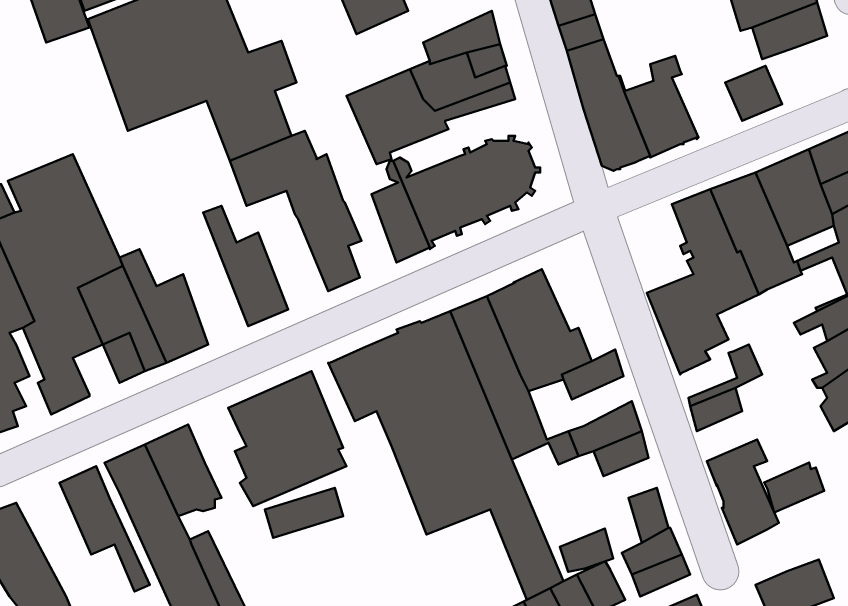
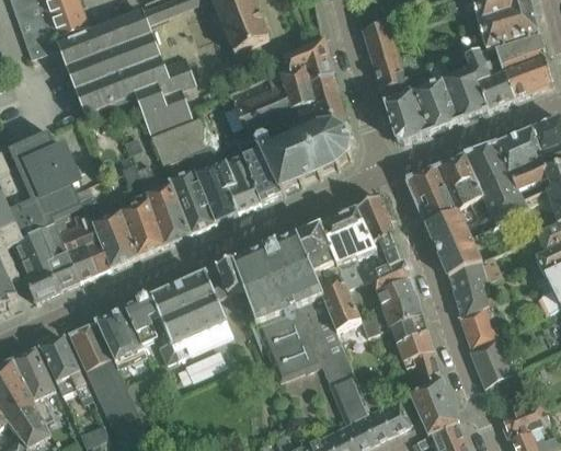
building: none -> [442,51,490,118]
building: none -> [503,55,551,96]
building: none -> [293,93,347,130]
building: none -> [227,153,261,210]
building: none -> [121,162,163,254]
building: none -> [407,162,456,220]
building: none -> [169,169,216,231]
building: none -> [356,192,404,265]
building: none -> [448,251,484,289]
building: none -> [48,254,79,287]
building: none -> [376,275,415,308]
building: none -> [124,296,158,332]
building: [764,463,824,513] -> [458,298,497,331]
building: none -> [11,347,55,419]
building: [560,528,613,572] -> [397,328,432,357]

